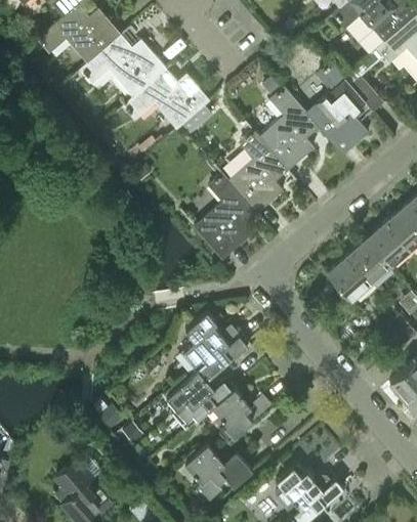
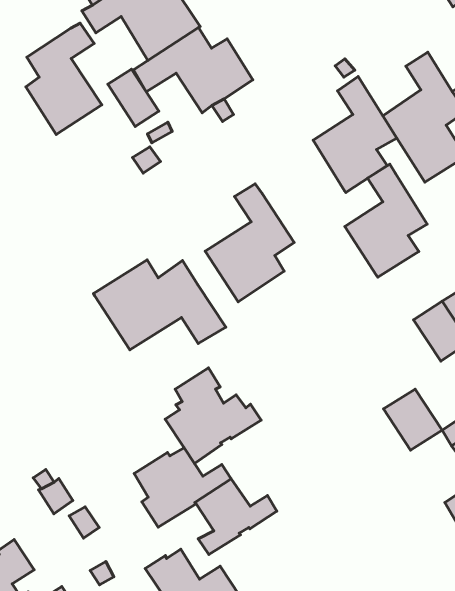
building: none -> [26,23,102,135]
building: none -> [108,69,159,126]
building: [227,132,286,214] -> [345,164,427,277]
building: none -> [93,260,226,350]
building: [328,256,372,300] -> [384,389,442,450]

